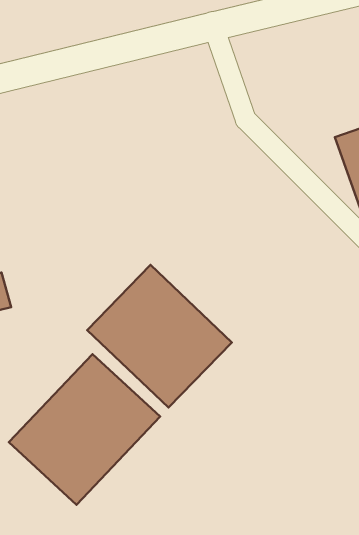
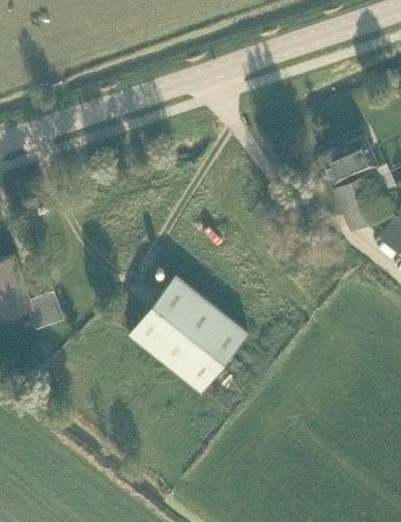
building: [9,354,160,505] -> none

